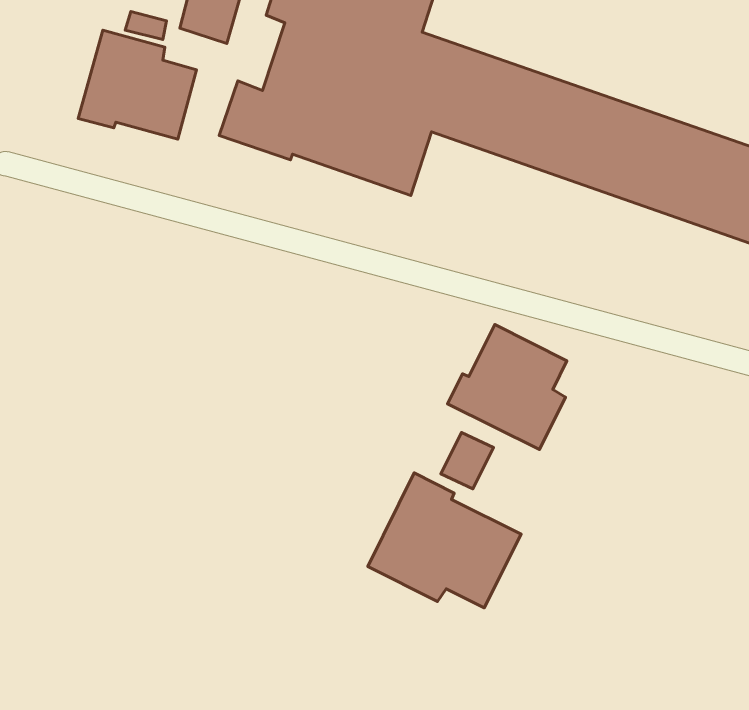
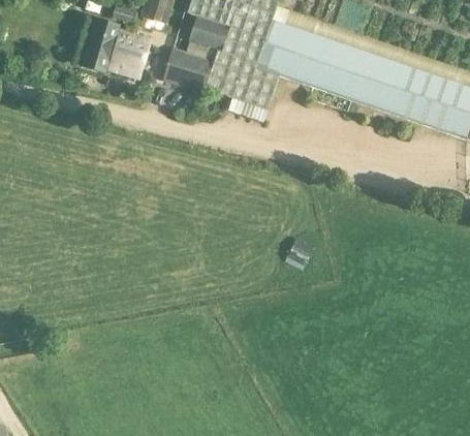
building: [447,325,567,449] -> none
building: [368,473,521,608] -> none

